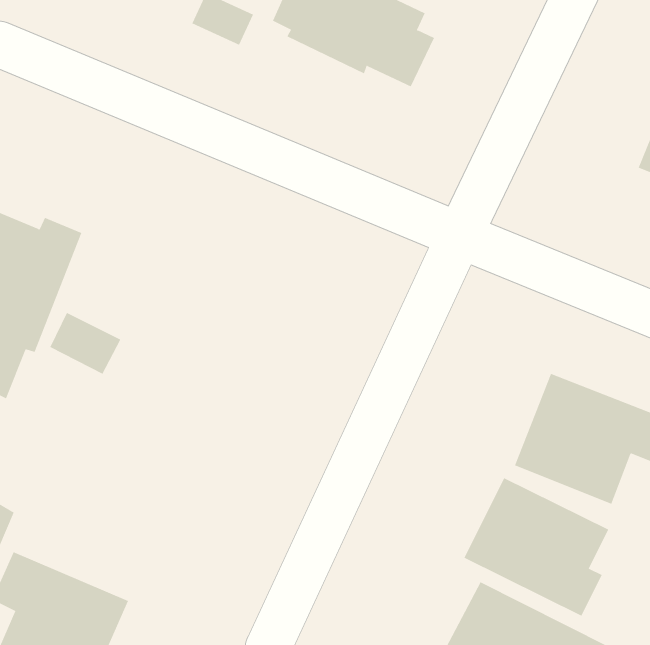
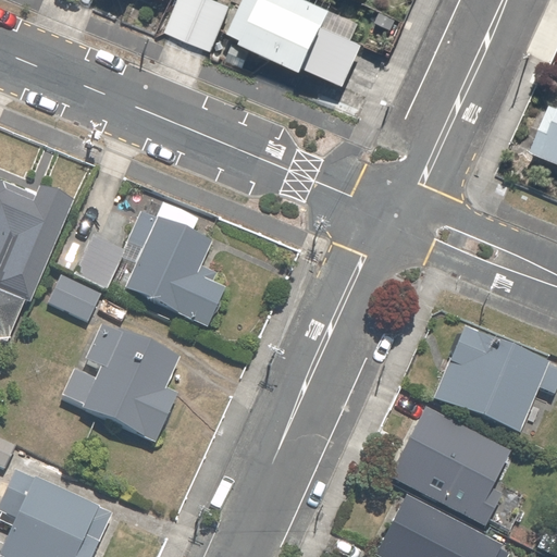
building: none -> [75,203,228,330]
building: none -> [58,315,182,438]

